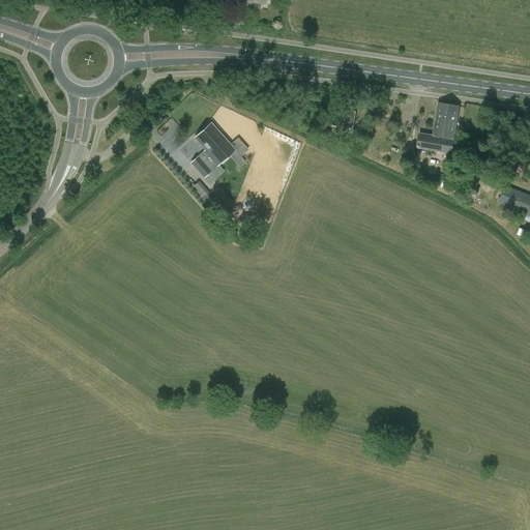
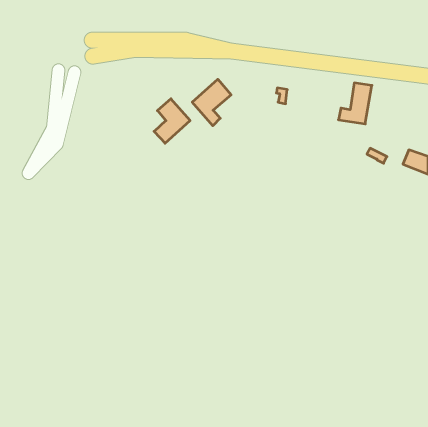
building: none -> [192,79,231,126]

